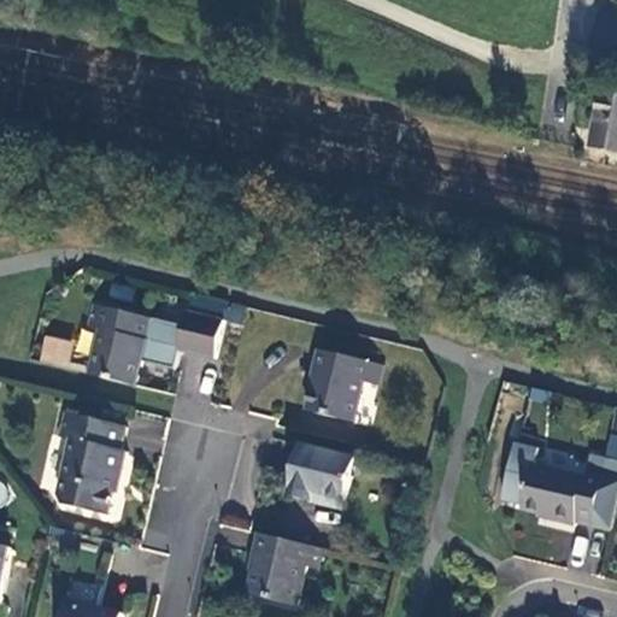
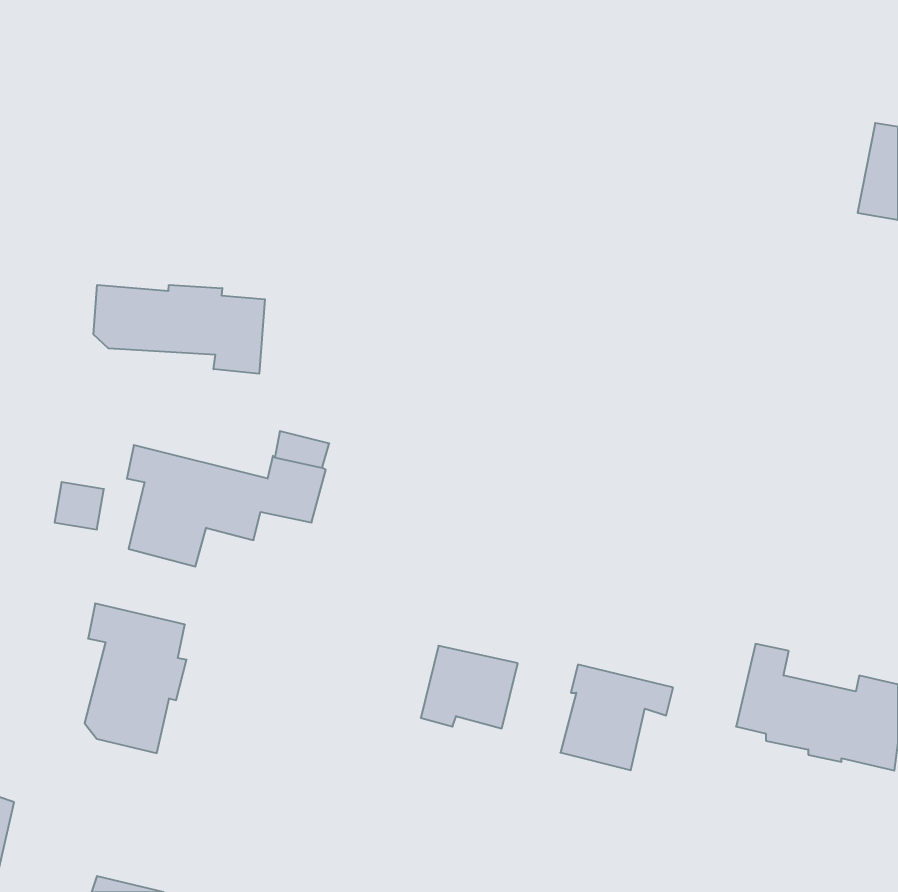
building: none -> [94,285,265,374]
building: [306,349,383,422] -> [560,665,673,770]
building: [251,533,323,606] -> none

